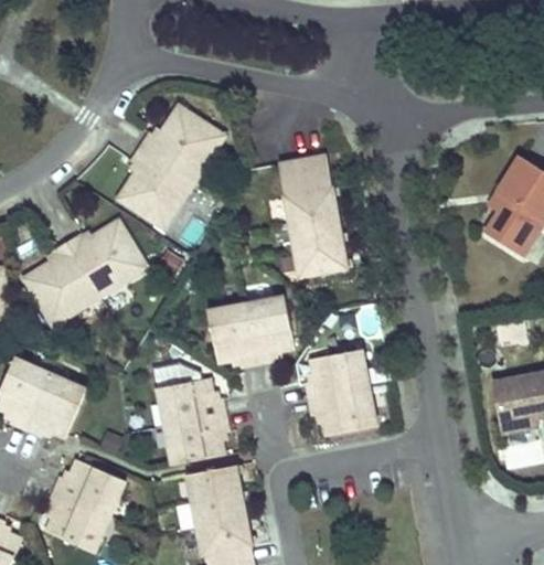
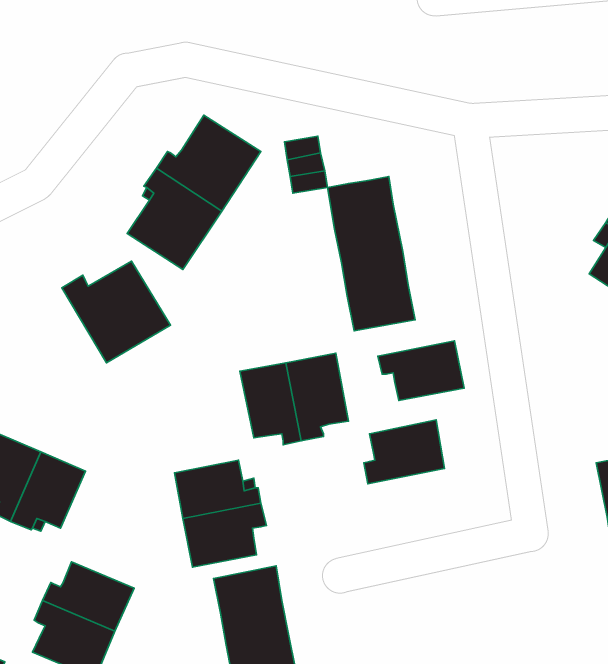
building: [25,243,102,330] -> none
building: [309,386,377,434] -> [378,341,464,401]

